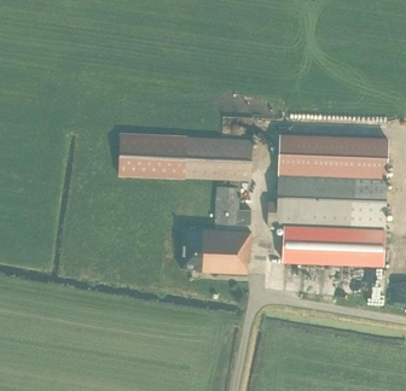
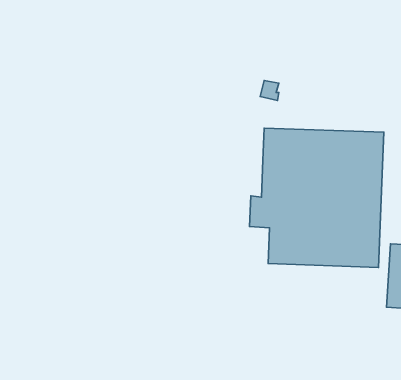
building: [118,133,256,224] -> none
building: [181,228,250,273] -> none

